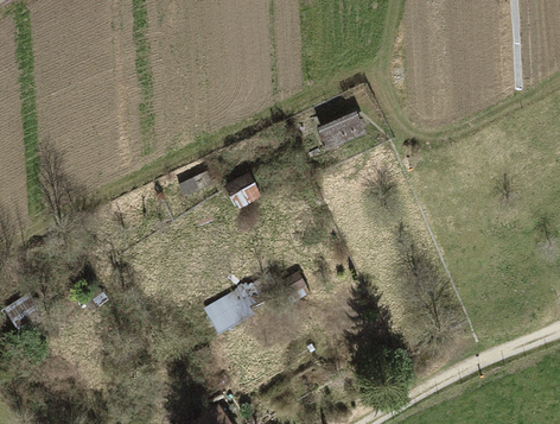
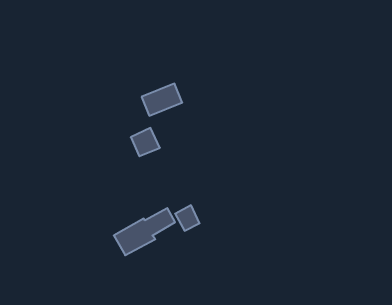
building: [316,110,367,151] -> [142,84,182,116]

